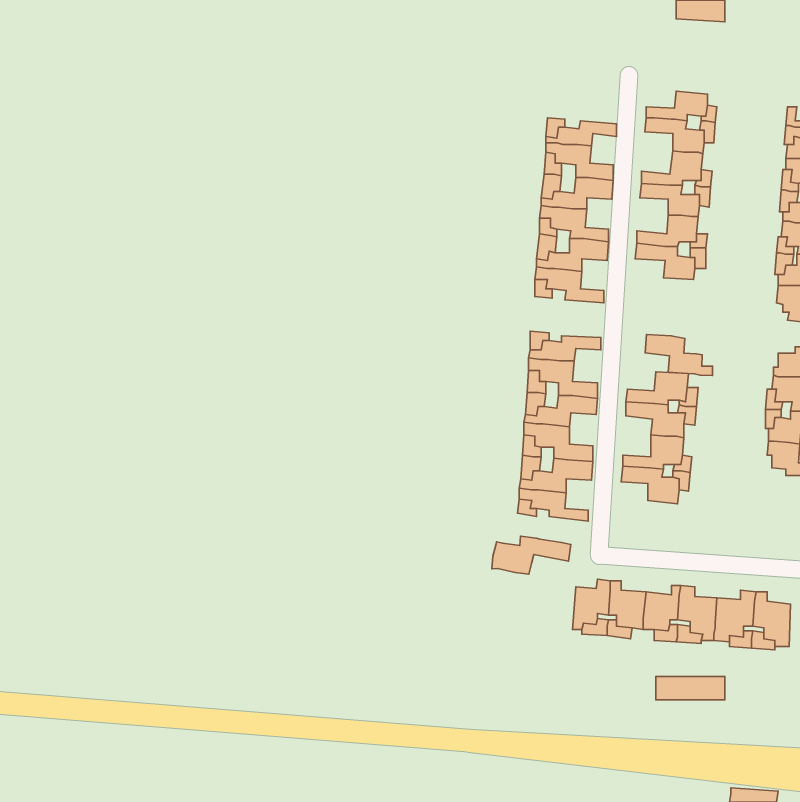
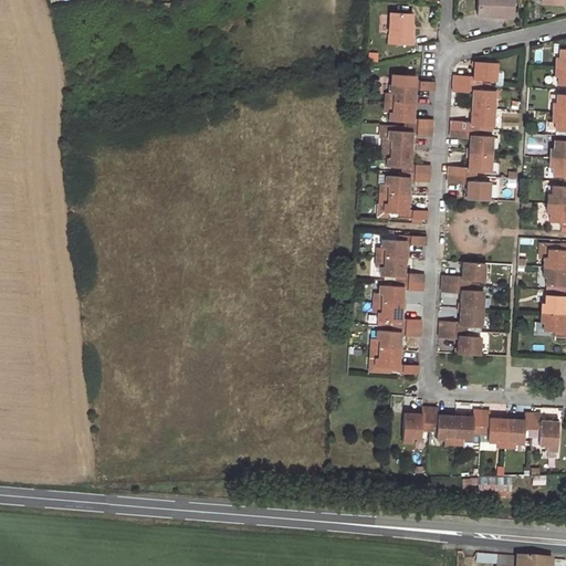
building: none -> [389,10,413,42]
building: [645,335,713,376] -> none
building: [492,536,571,574] -> none

